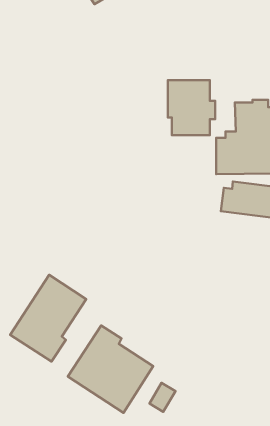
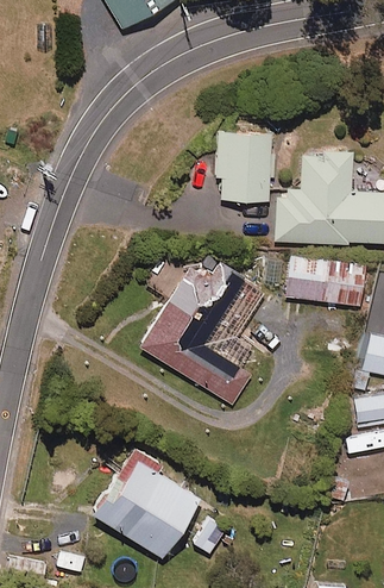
building: none -> [137,257,252,406]
building: [10,275,86,361] -> none

